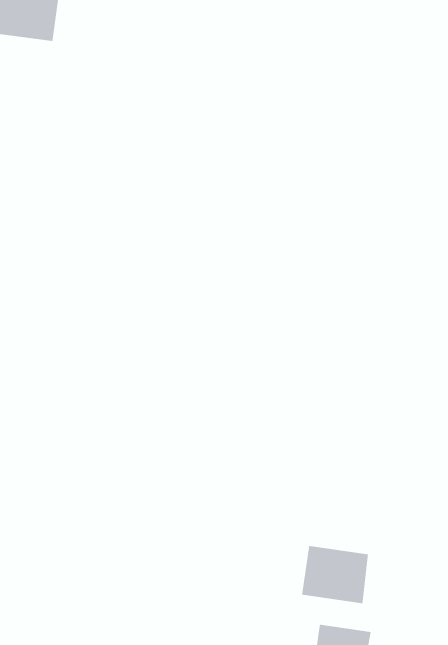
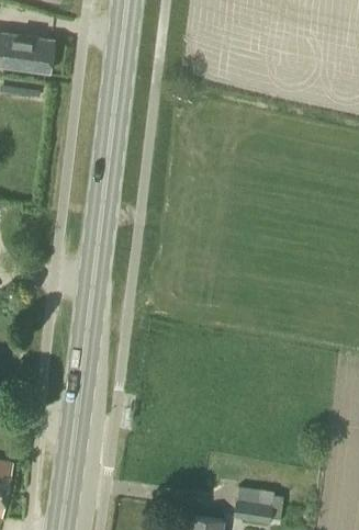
building: [301,545,369,604] -> none

